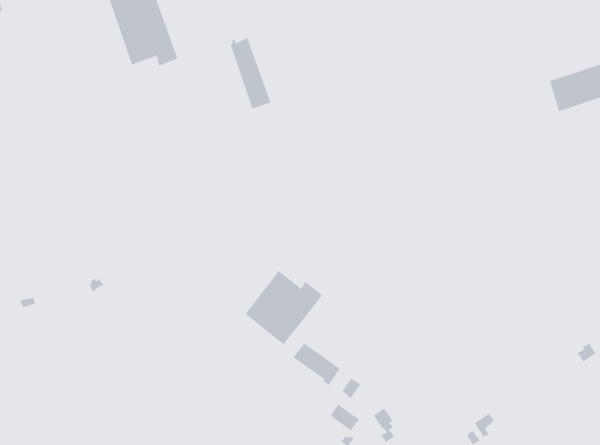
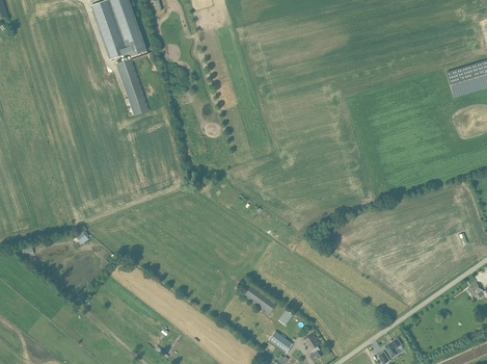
building: [230,38,271,109] -> [116,58,150,115]
building: [245,270,323,345] -> none

